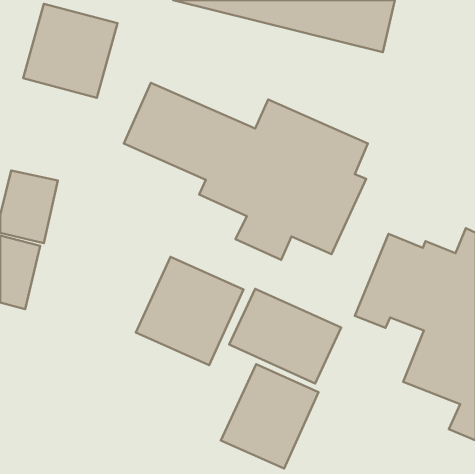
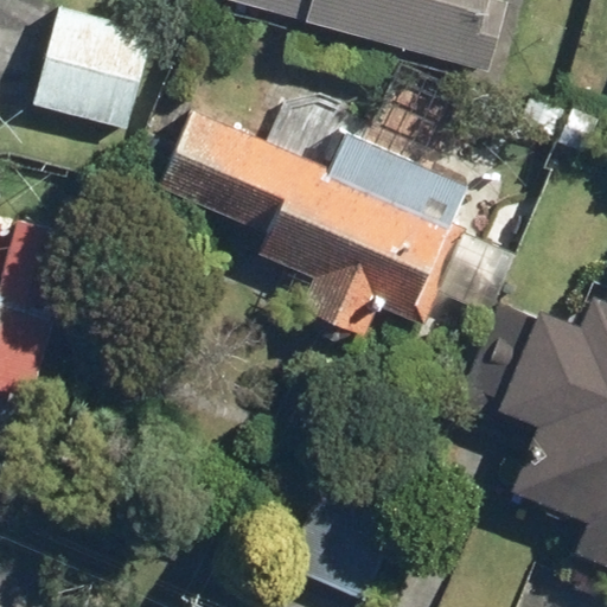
building: [136,257,244,365] -> none
building: [229,289,341,383] -> none

